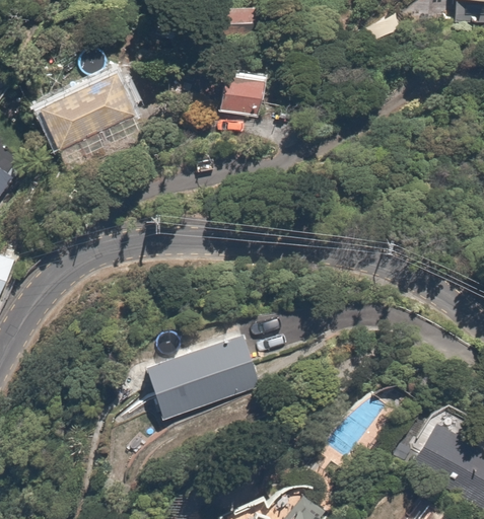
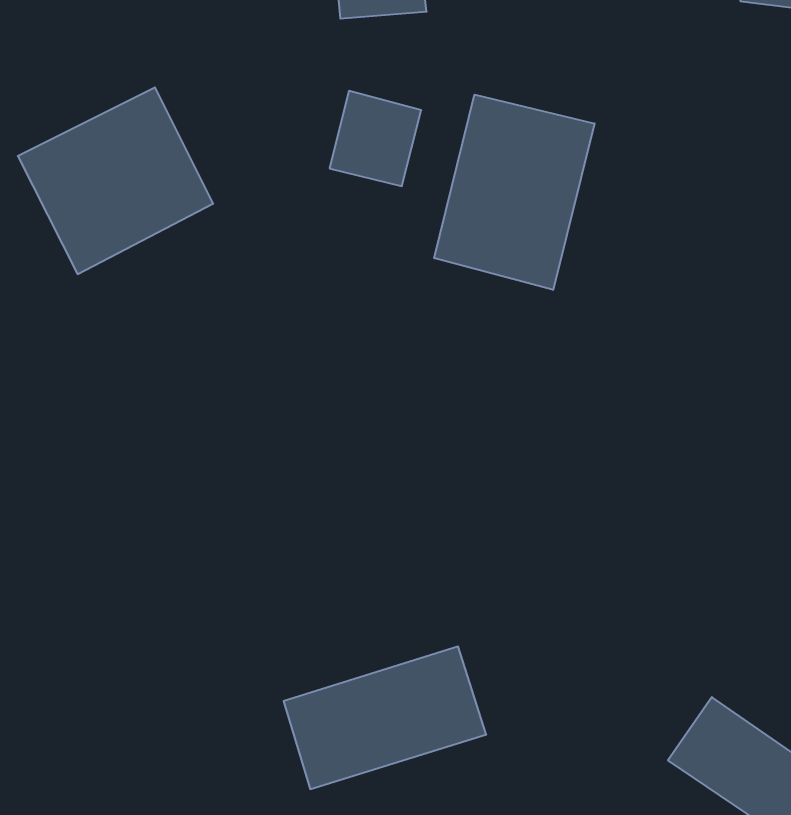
building: none -> [434,95,595,290]
building: [144,338,261,420] -> [284,646,486,789]

